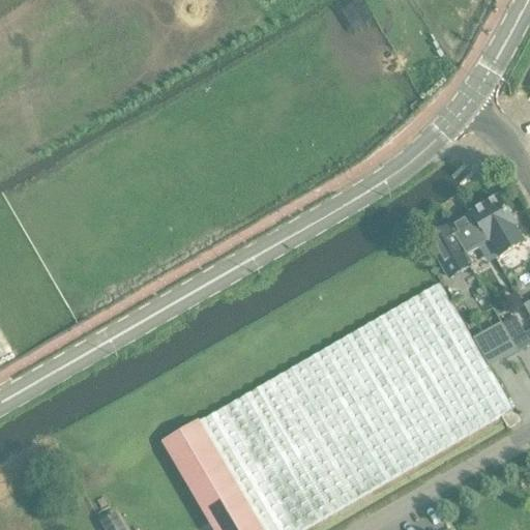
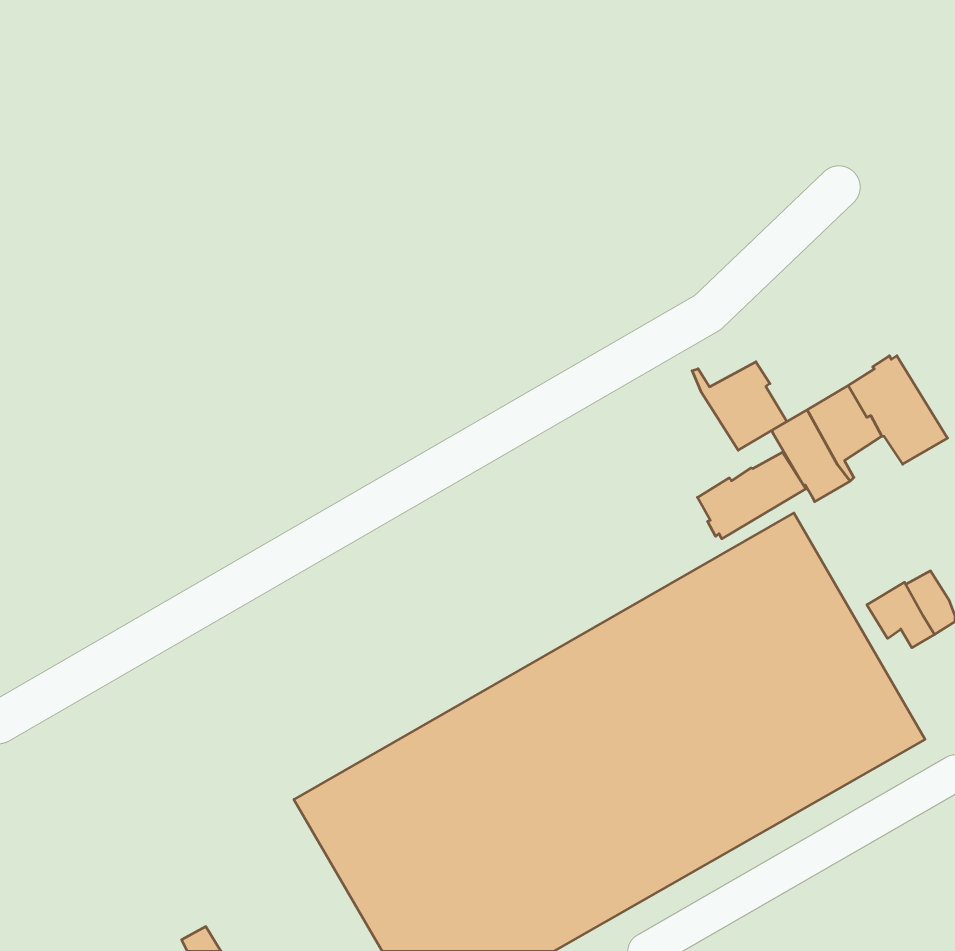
building: none -> [692,362,787,450]
building: none -> [697,452,806,539]

